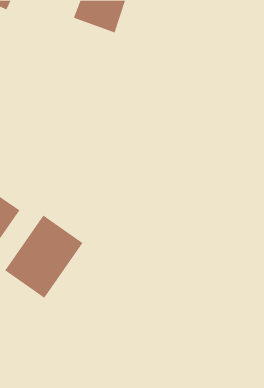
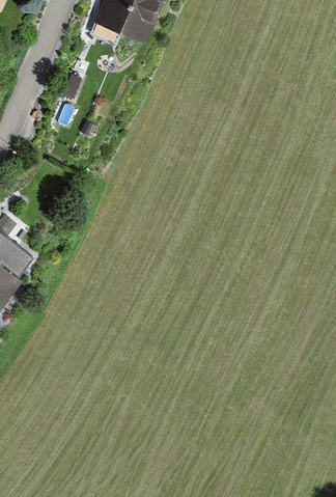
building: [4,215,83,299] -> none

